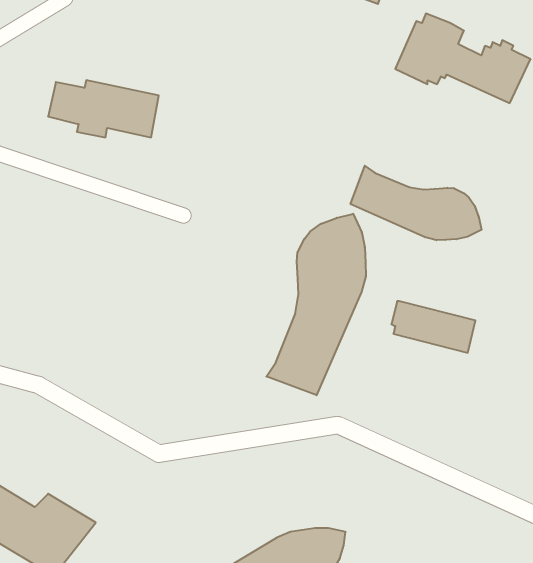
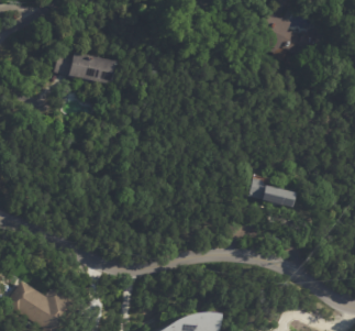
building: [351,166,481,240] -> none
building: [266,214,366,395] -> none

